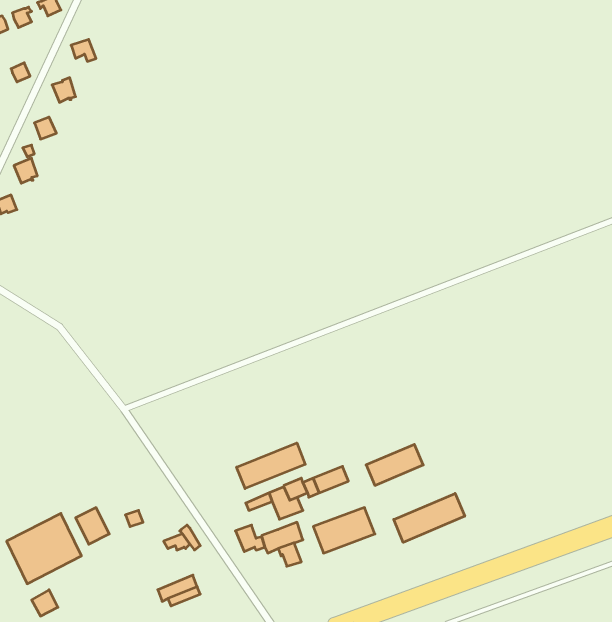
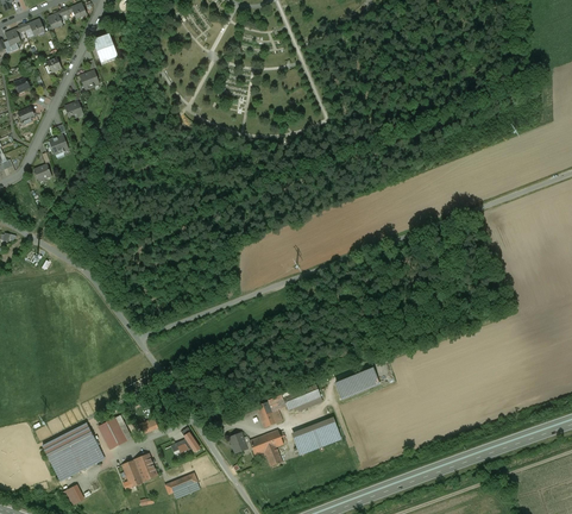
building: [237,443,305,489] -> none
building: [394,493,465,542] -> none
building: none -> [121,453,158,488]

